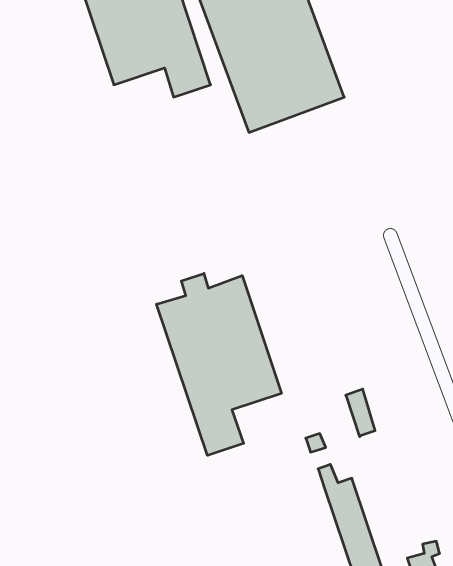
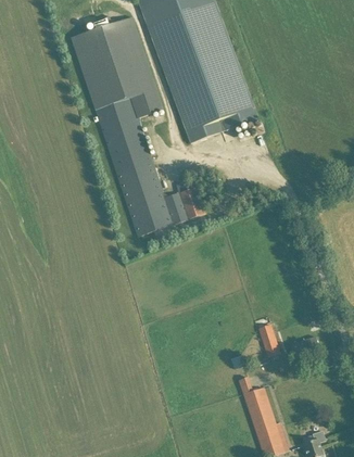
building: none -> [94,96,205,234]
building: [157,273,281,455] -> none

